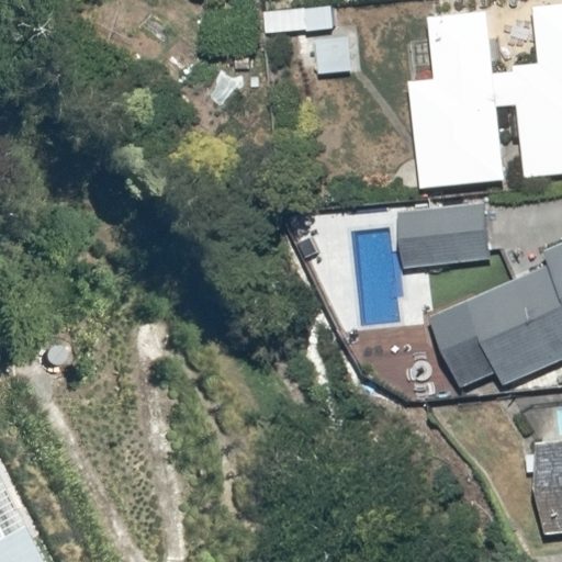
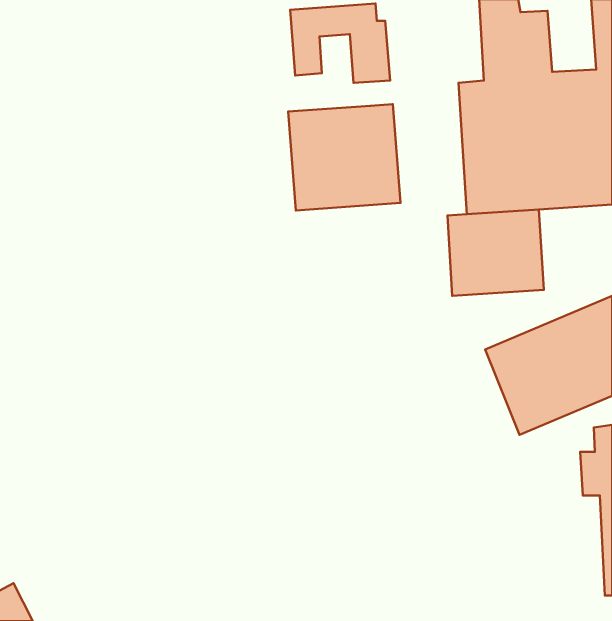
building: none -> [288,104,401,210]

